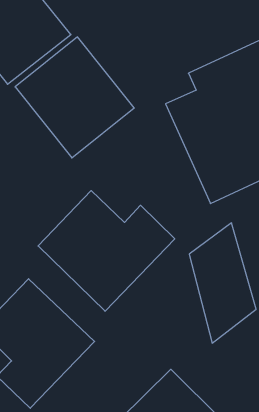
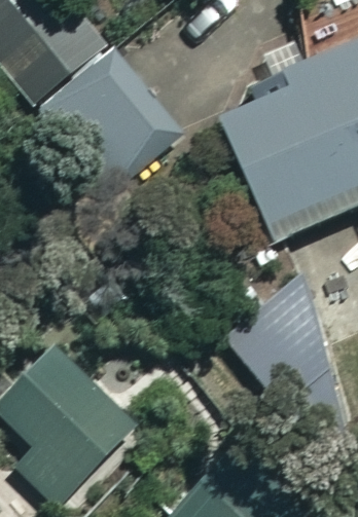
building: [38,191,175,311] -> none

